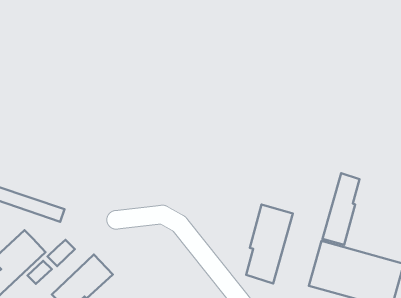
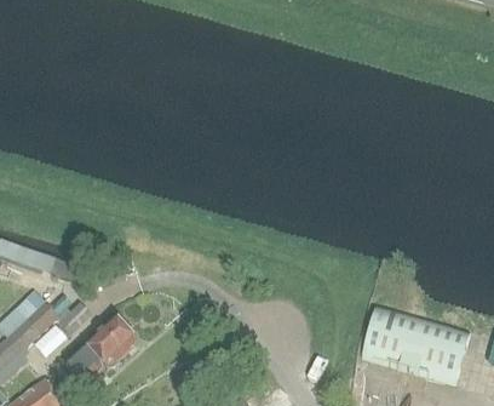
building: [323,173,360,245] -> none
building: [246,205,293,283] -> none

